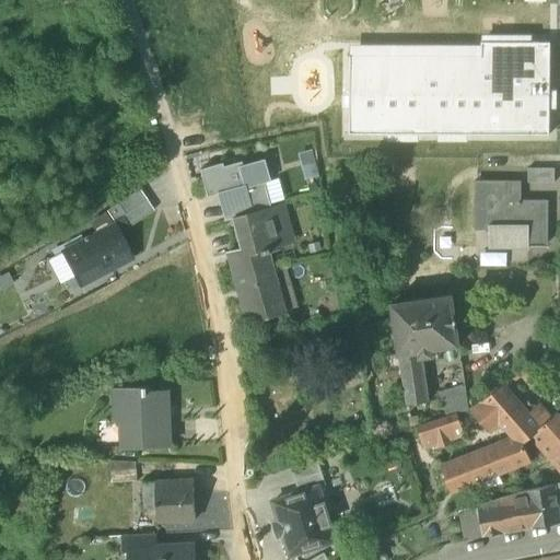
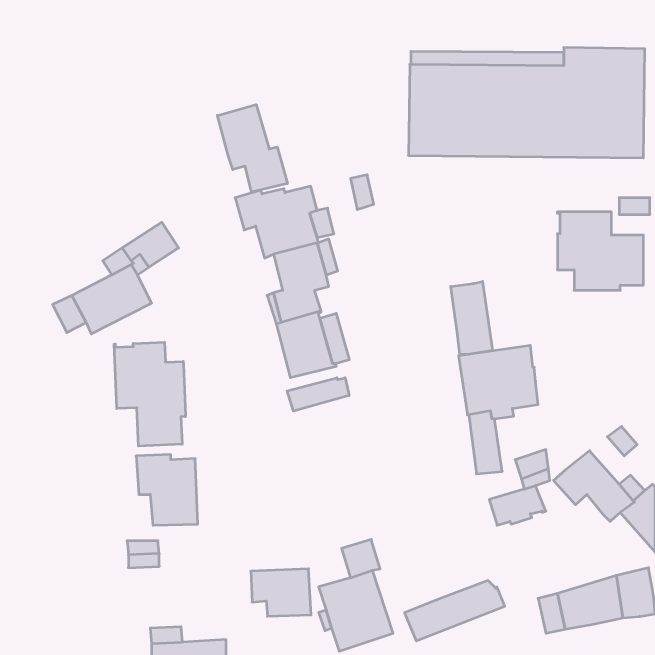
building: none -> [217,105,287,192]
building: none -> [451,281,493,354]
building: none -> [114,342,185,446]
building: none -> [287,378,349,411]
building: [442,439,527,490] -> [405,581,505,641]
building: [143,481,195,522] -> [251,569,311,616]

